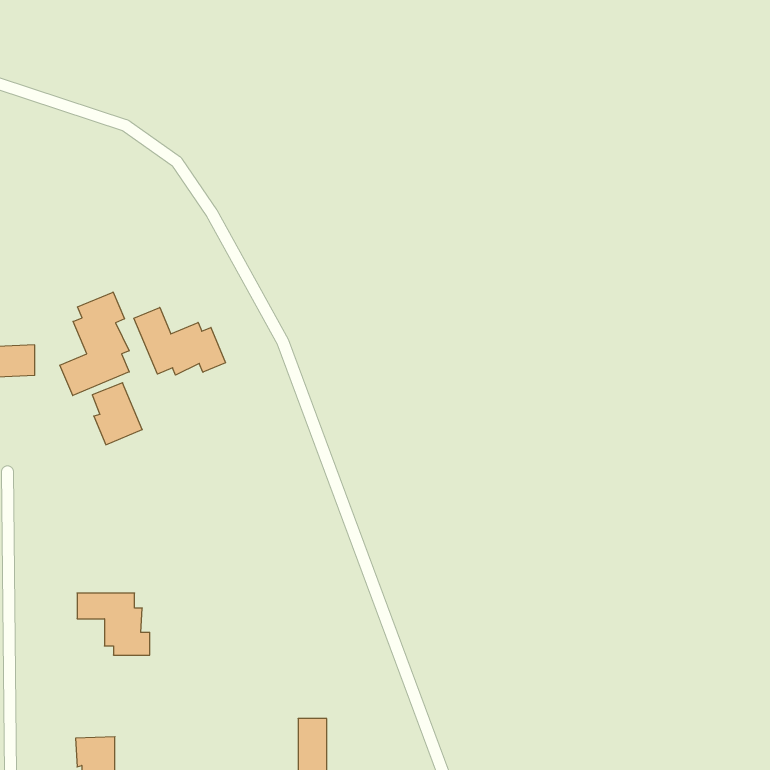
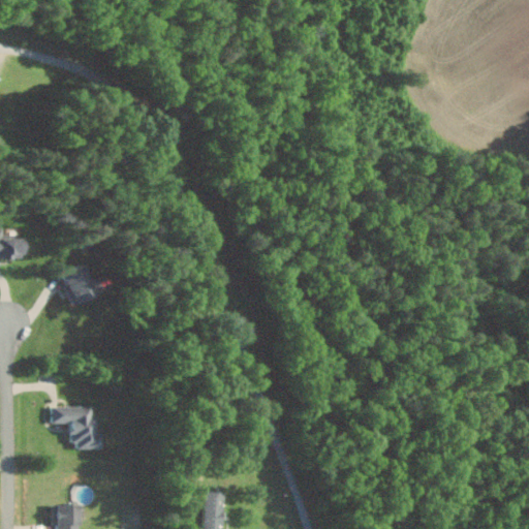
building: [60,292,129,396] -> none
building: [134,307,226,375] -> none

